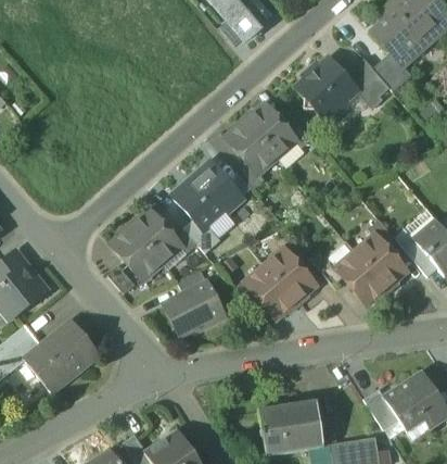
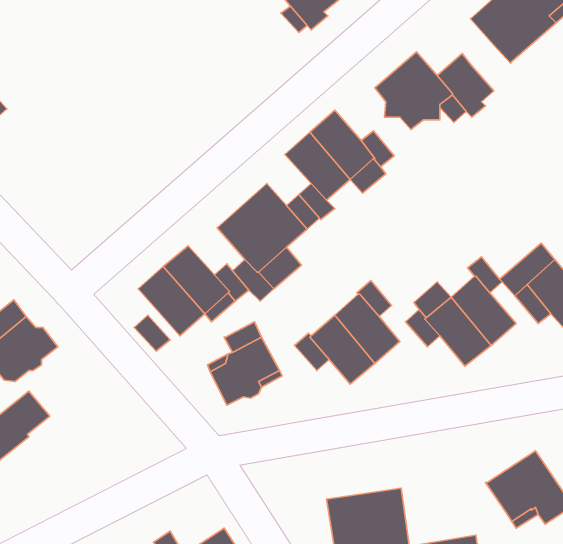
building: [372,52,411,91] -> none
building: [24,319,100,391] -> none
building: [365,388,399,429] -> none

